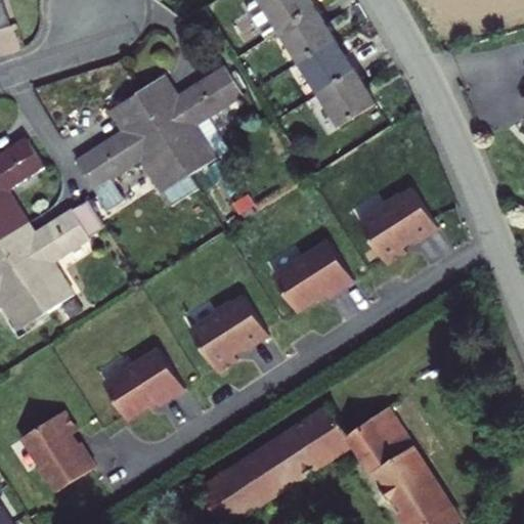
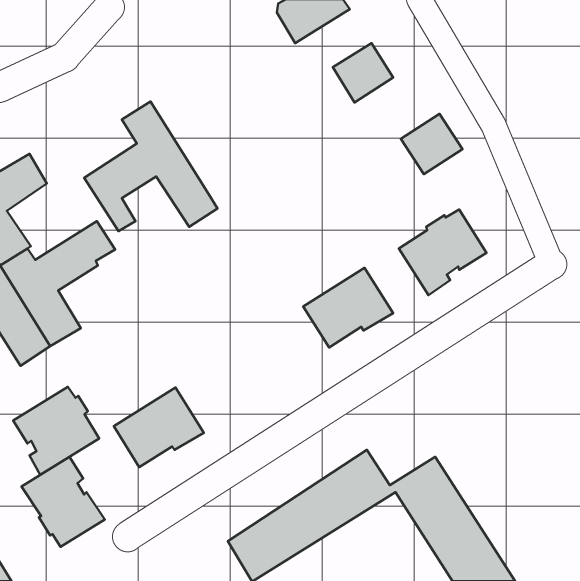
building: [279,8,334,60] -> none
building: [135,66,243,174] -> none
building: [318,70,374,124] -> [401,114,462,174]
building: [188,296,267,373] -> none
building: none -> [13,387,99,475]

